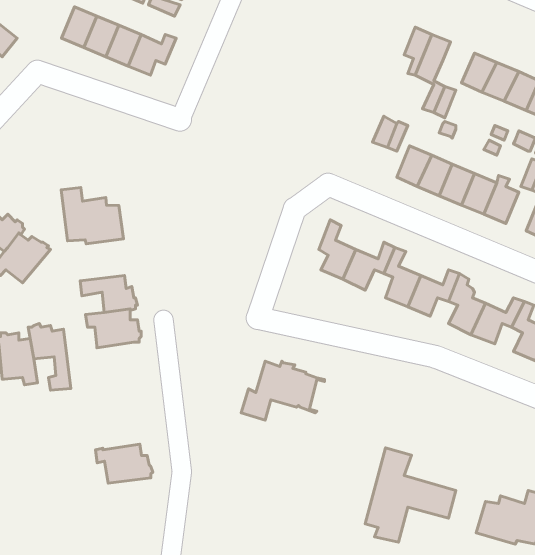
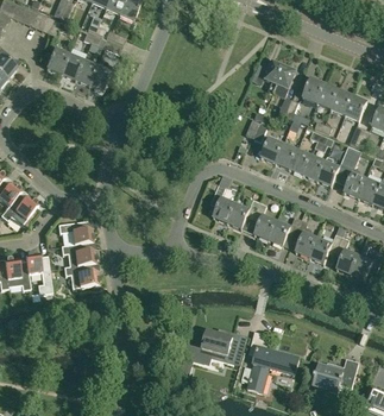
building: [61,187,124,244] -> none
building: [241,361,324,420] -> [190,329,244,367]
building: [95,444,153,483] -> [63,263,100,288]

